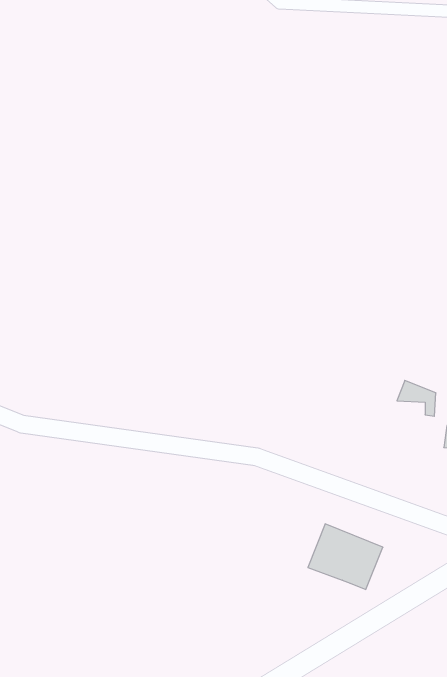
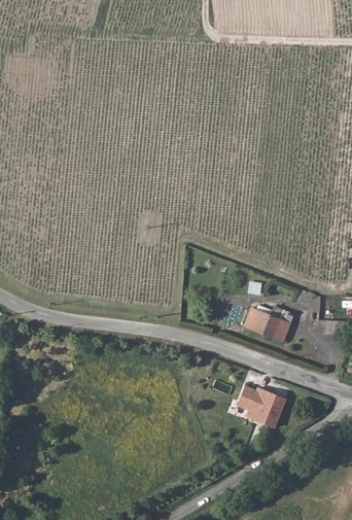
building: none -> [244,307,294,341]

